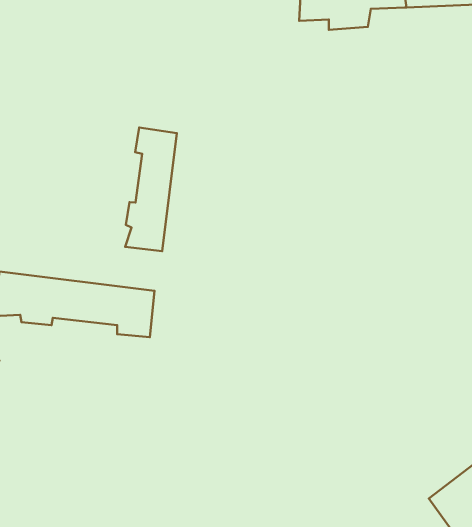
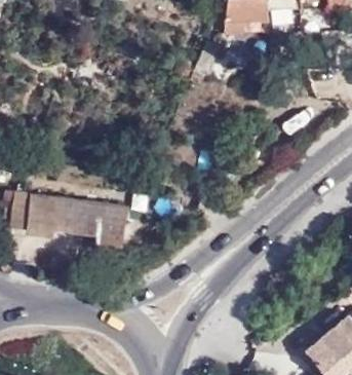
building: [125,127,177,251] -> none

